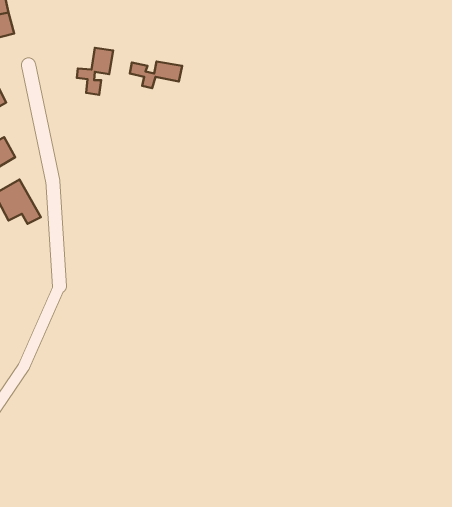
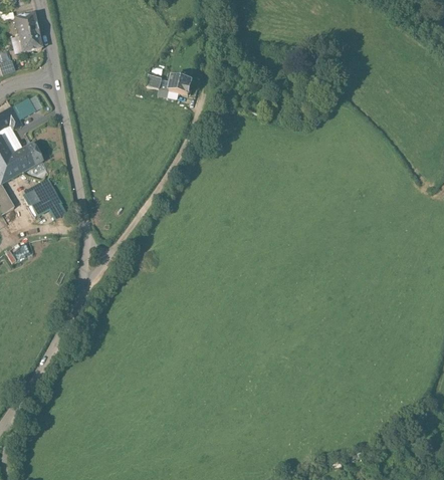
building: [77,48,113,95] -> none

